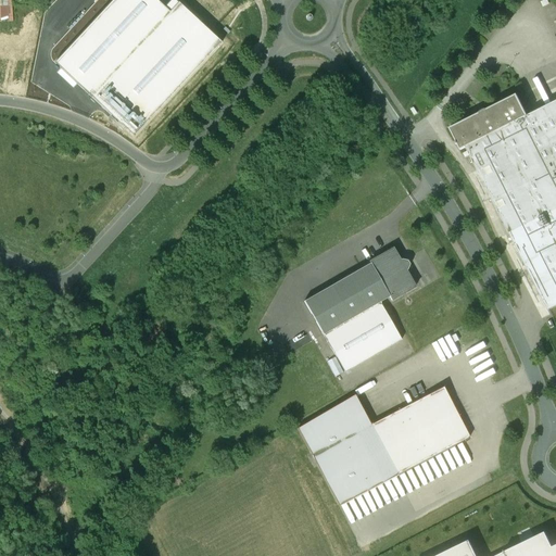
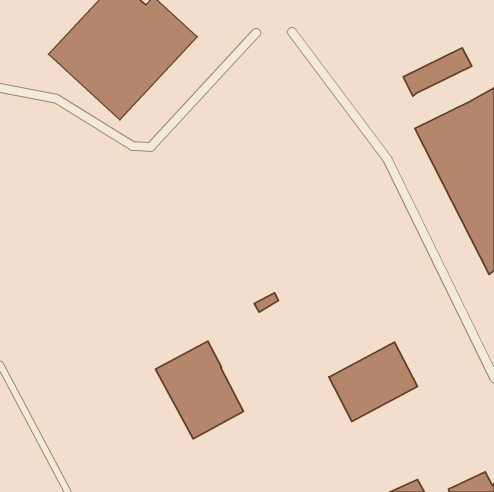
building: [451,93,528,148] -> [403,48,472,96]
building: [304,247,415,370] -> none
building: [296,394,395,504] -> [156,341,244,439]

